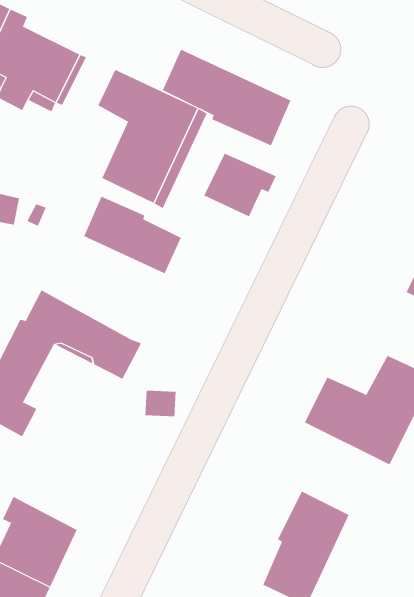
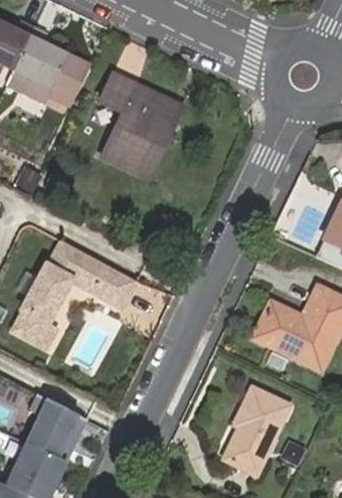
building: [162,49,291,146] -> none
building: [203,153,277,217] -> none
building: [83,196,181,274] -> none

